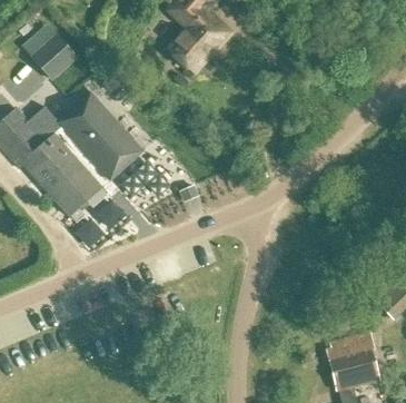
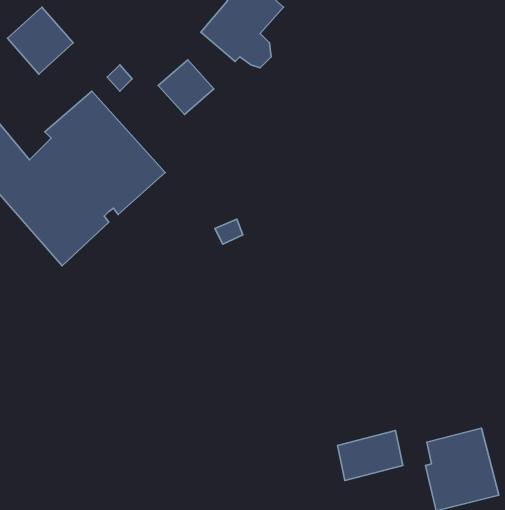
building: none -> [158,60,214,114]
building: none -> [337,431,403,480]

